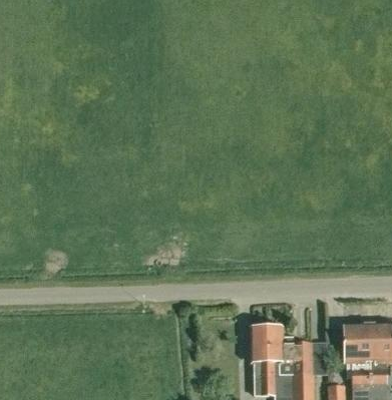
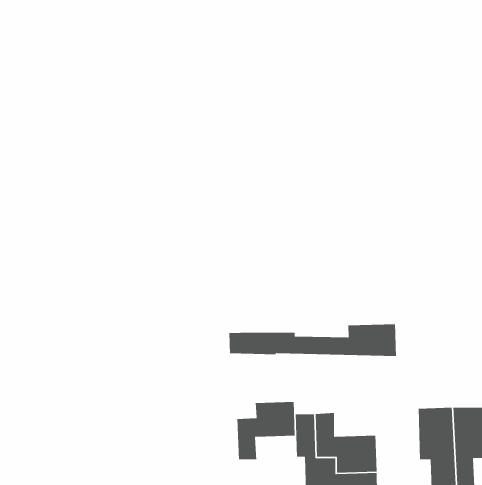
building: none -> [229,323,397,357]
building: none -> [237,401,295,460]

